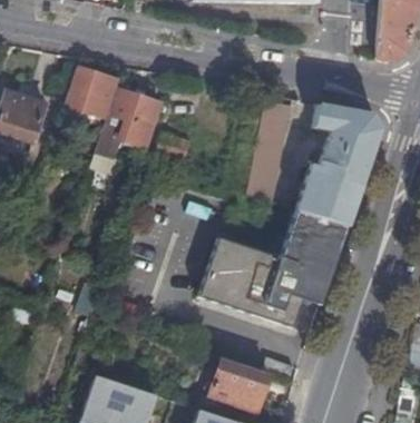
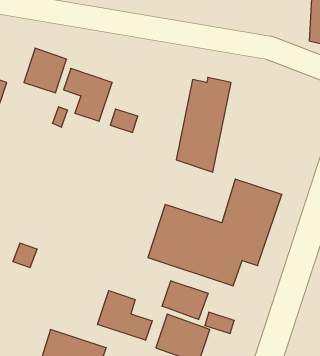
building: [296,104,381,227] -> none
building: none -> [162,281,208,319]
building: none -> [98,291,152,340]

